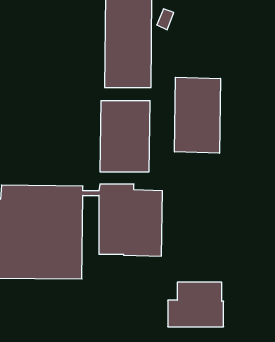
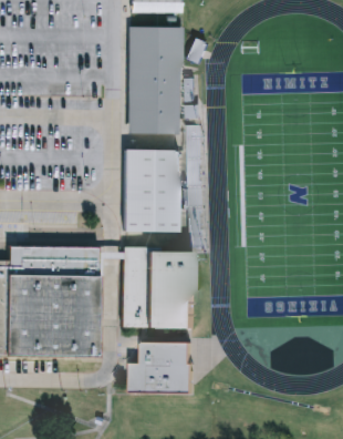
building: [175,77,220,153] -> none
building: [168,282,224,327] -> [126,339,191,391]

